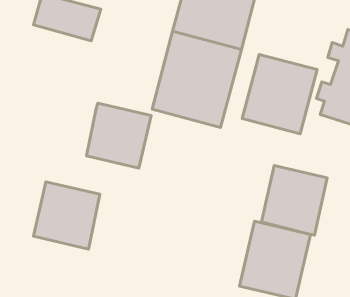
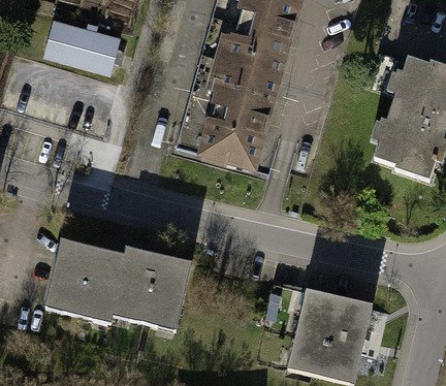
building: [242,54,317,134] -> none
building: [87,103,151,168] -> [108,249,185,325]
building: [261,166,327,235] -> none

